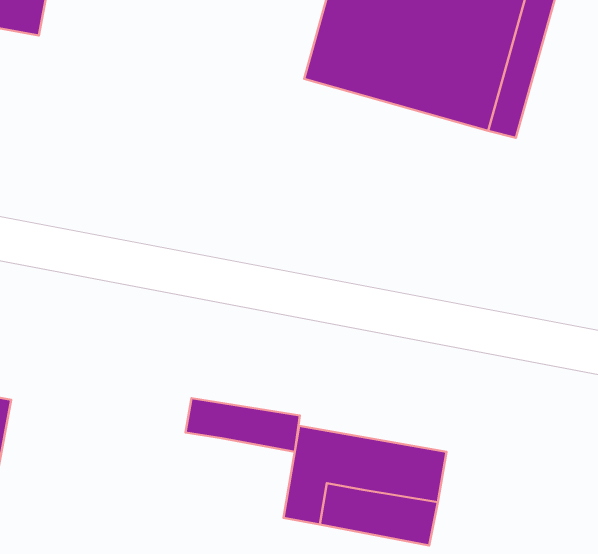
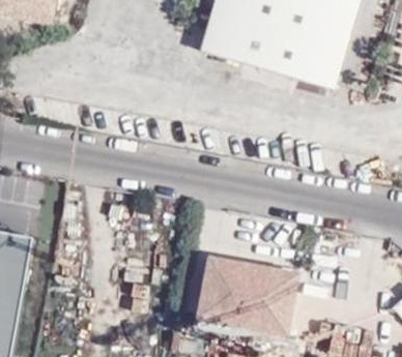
building: [185,398,300,452] -> none

